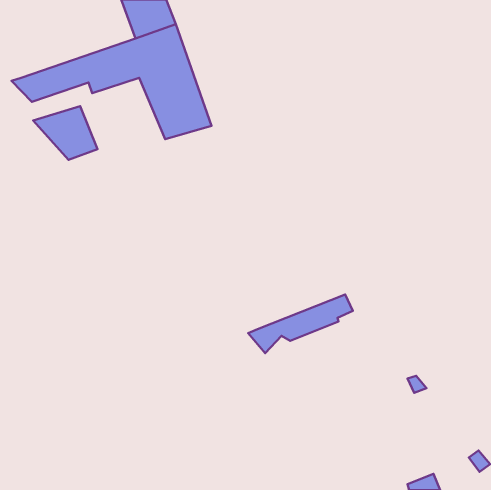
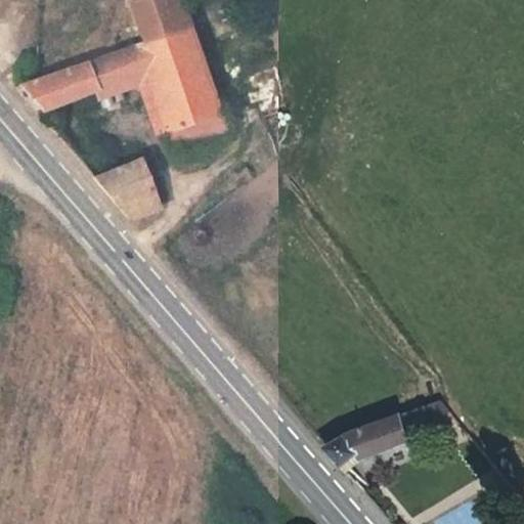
building: [33,106,97,160] -> [93,158,162,215]
building: [248,295,353,353] -> [328,404,439,467]

